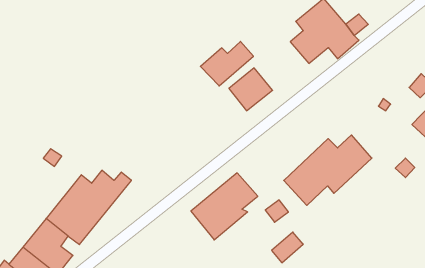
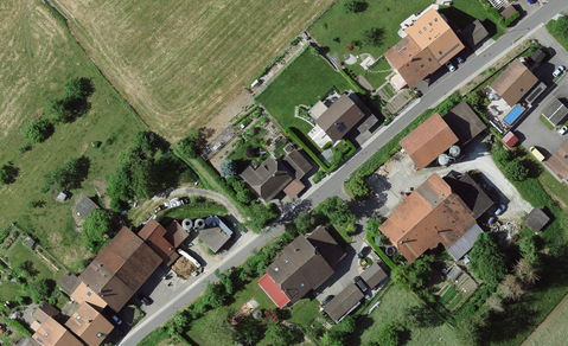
building: [200,41,253,86] -> [247,147,314,204]
building: none -> [485,56,543,105]
building: none -> [400,104,485,168]
building: none -> [191,209,230,248]
building: [272,232,303,263] -> [324,278,364,318]

